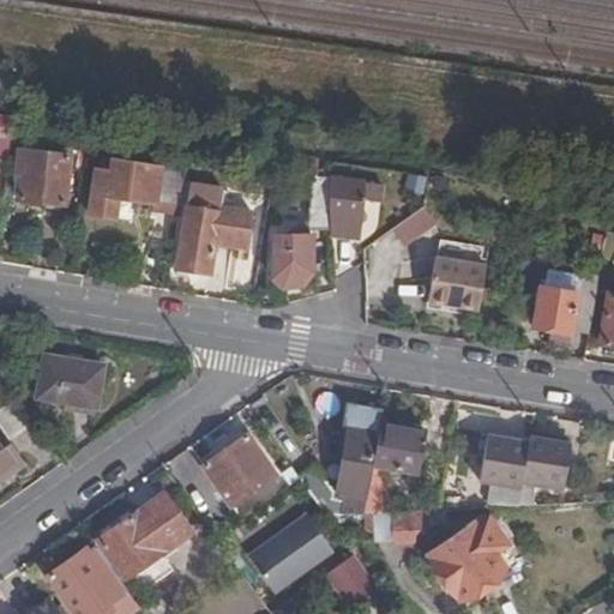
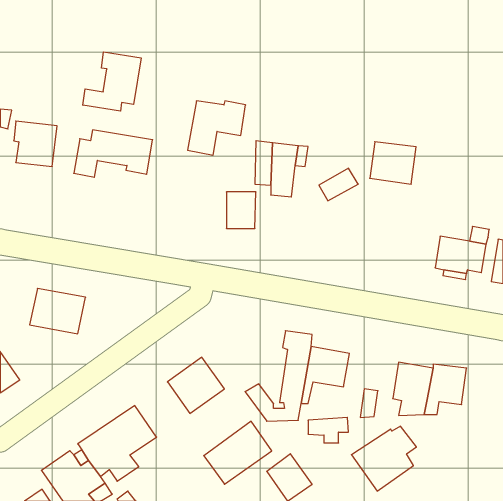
building: none -> [83,52,141,111]
building: [179,206,249,272] -> [188,101,246,155]
building: [426,258,482,309] -> [370,142,416,184]

